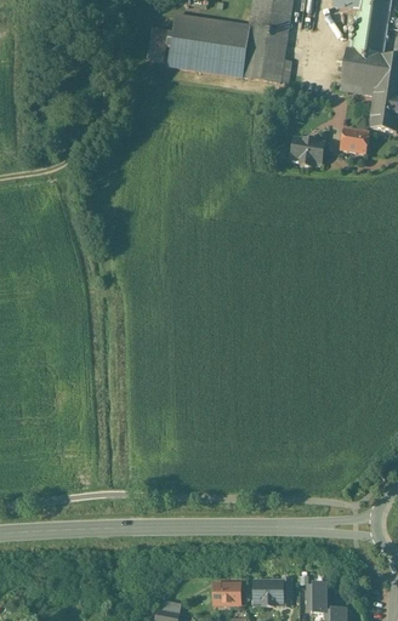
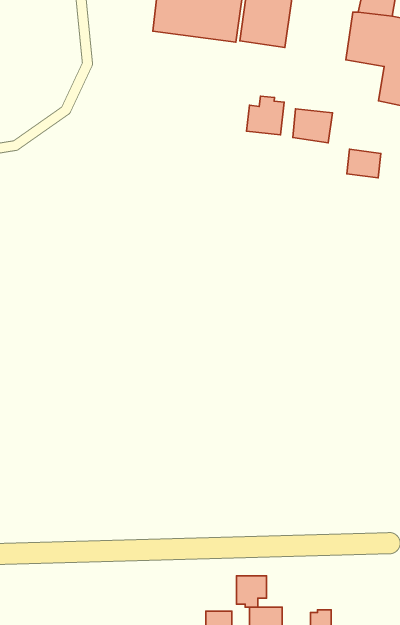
building: none -> [247,96,284,135]
building: [337,131,368,156] -> [347,149,381,178]
building: none -> [237,576,266,607]

